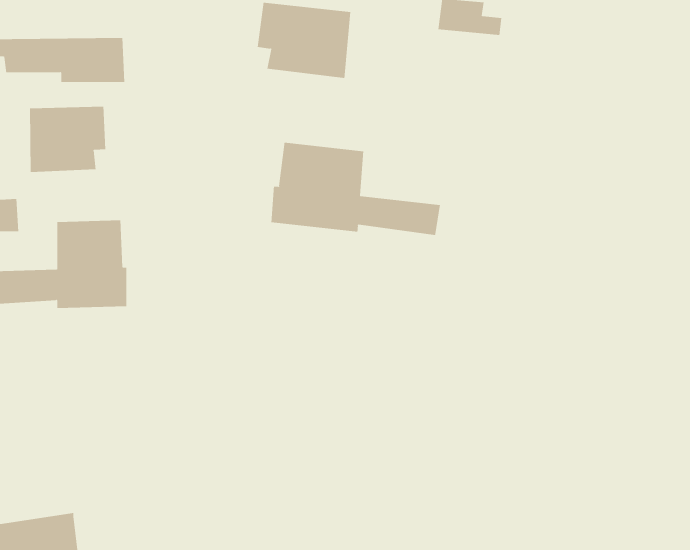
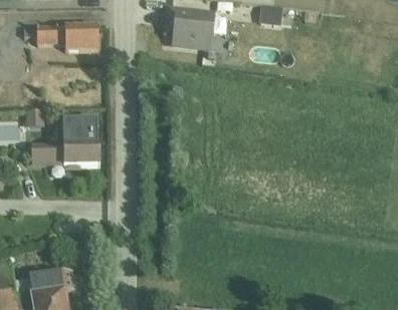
building: [29,106,106,173] -> none
building: [271,142,440,236] -> none

